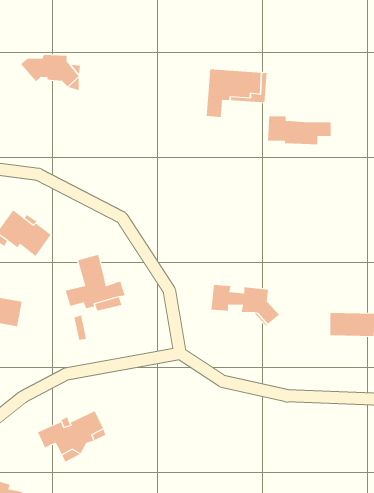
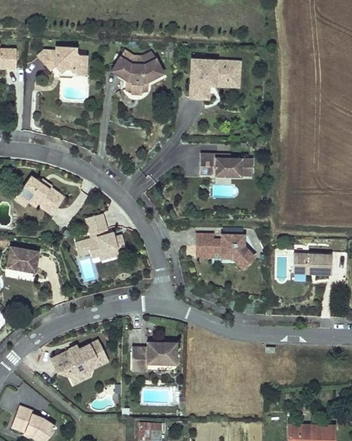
building: none -> [112,49,164,92]
building: [267,116,331,145] -> [199,153,252,177]
building: none -> [132,340,177,368]

